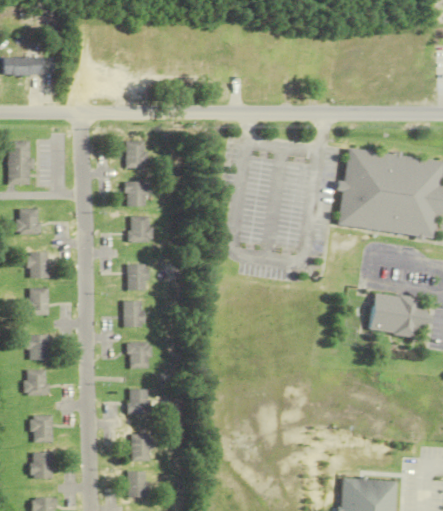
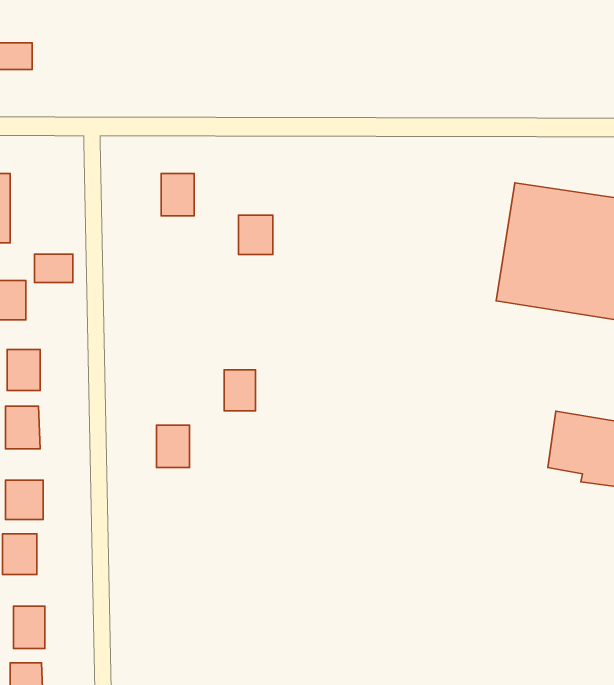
building: [126,182,148,207] -> [238,215,273,254]
building: none -> [35,254,73,282]
building: [129,217,153,243] -> none
building: [128,265,148,291] -> [224,370,255,411]
building: [129,343,151,369] -> none
building: [129,389,151,415] -> none
building: [131,434,152,462] -> none

